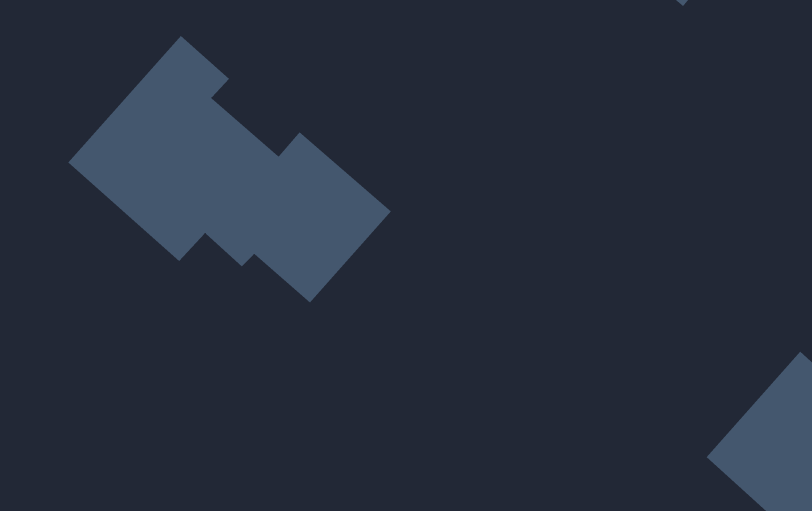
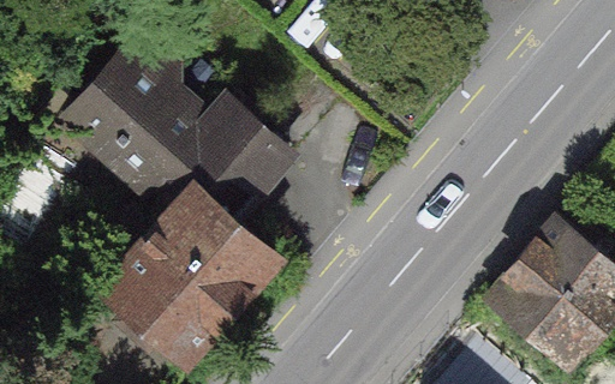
building: none -> [103,179,273,349]

